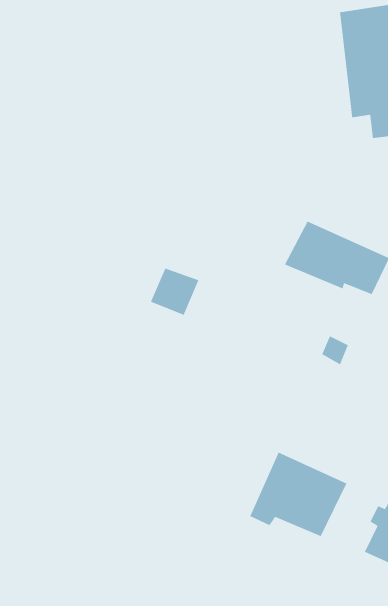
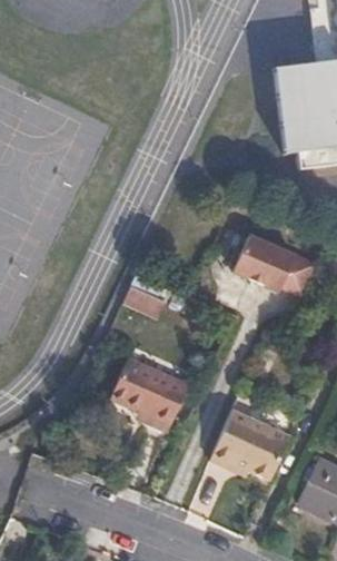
building: none -> [107,367,184,442]

